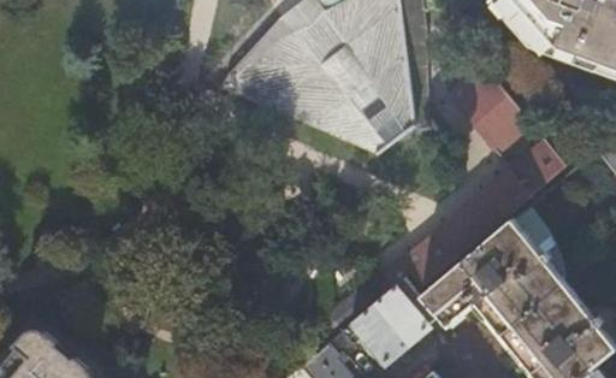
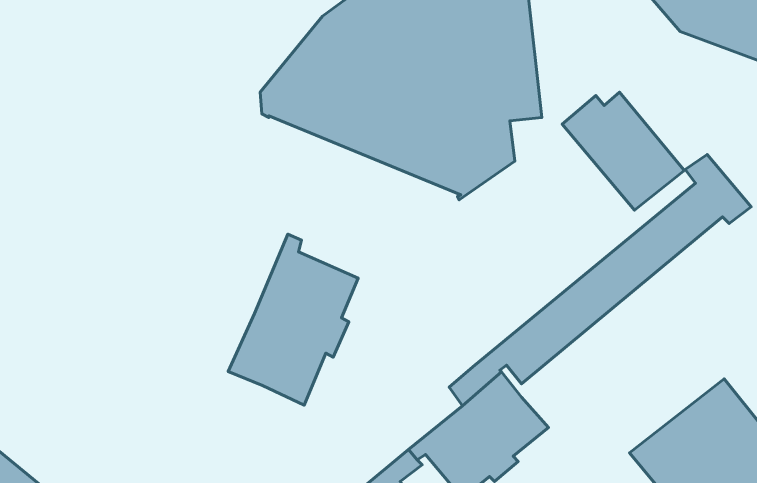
building: none -> [228,234,358,405]
building: [420,217,564,333] -> none

